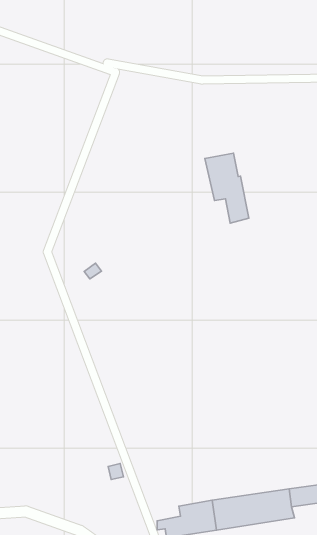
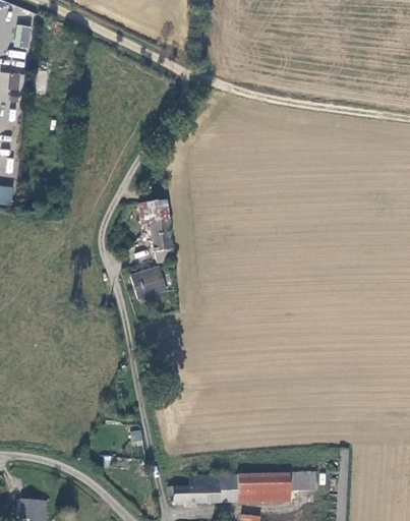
building: [205,153,249,223] -> [141,202,173,265]
building: none -> [131,269,167,302]

